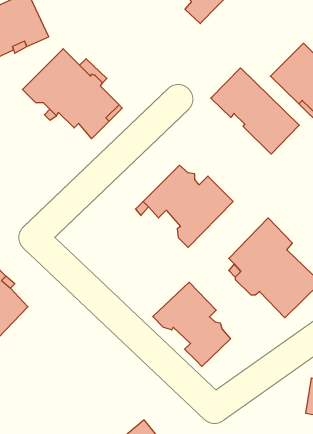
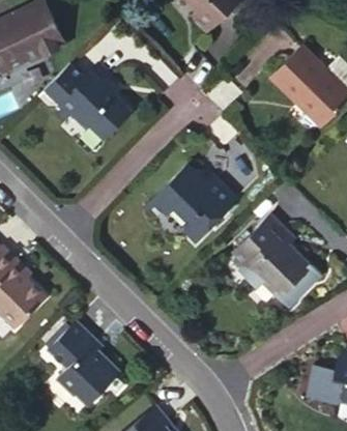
building: [211,68,299,154] -> none
building: [153,282,231,366] -> none
building: none -> [45,319,120,405]

